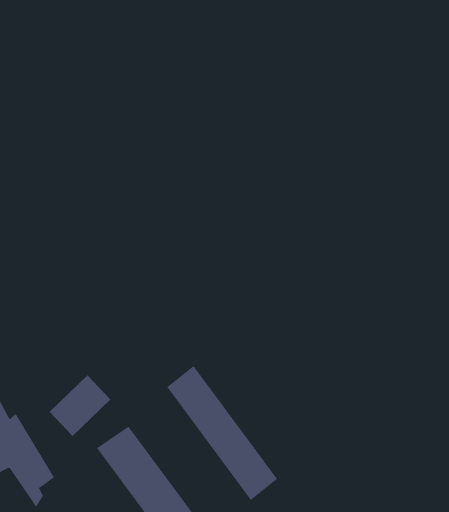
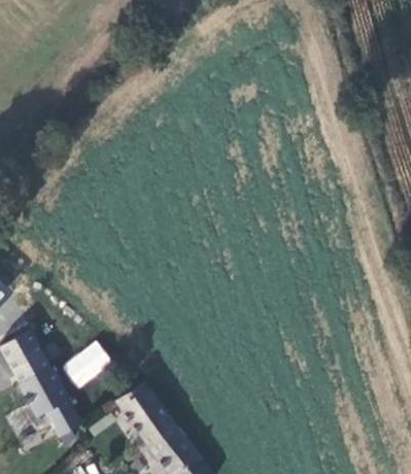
building: [167,365,278,501] -> none

